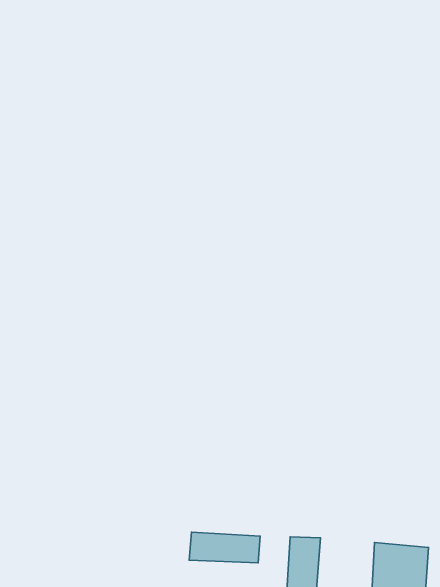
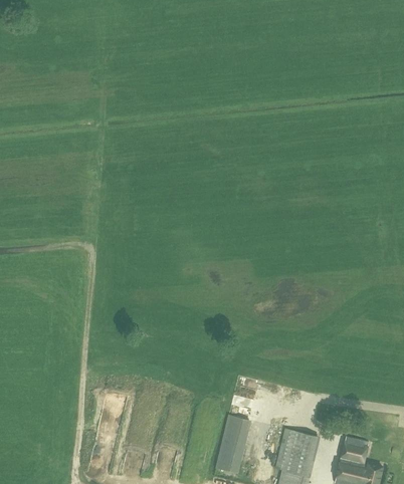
building: [189,532,260,563] -> none

